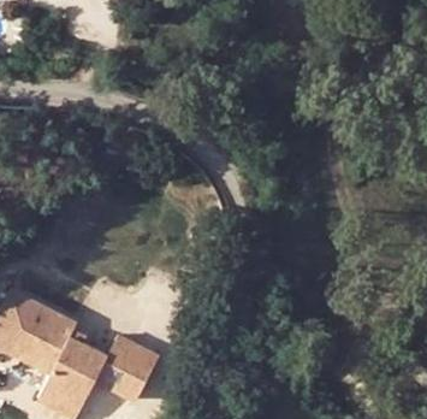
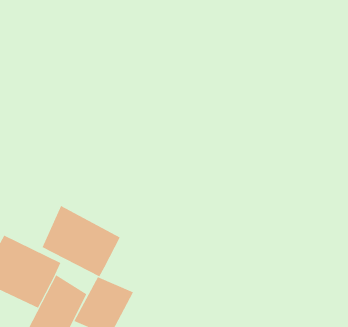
building: none -> [42,205,121,277]

